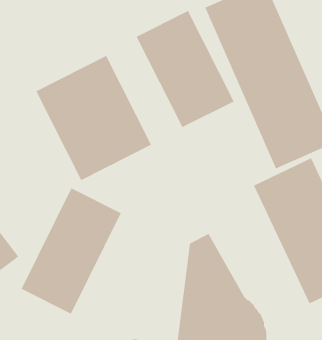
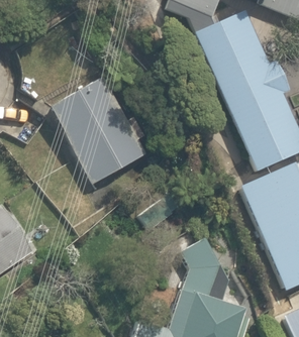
building: [136,10,235,128] -> none
building: [21,187,121,315] -> none

